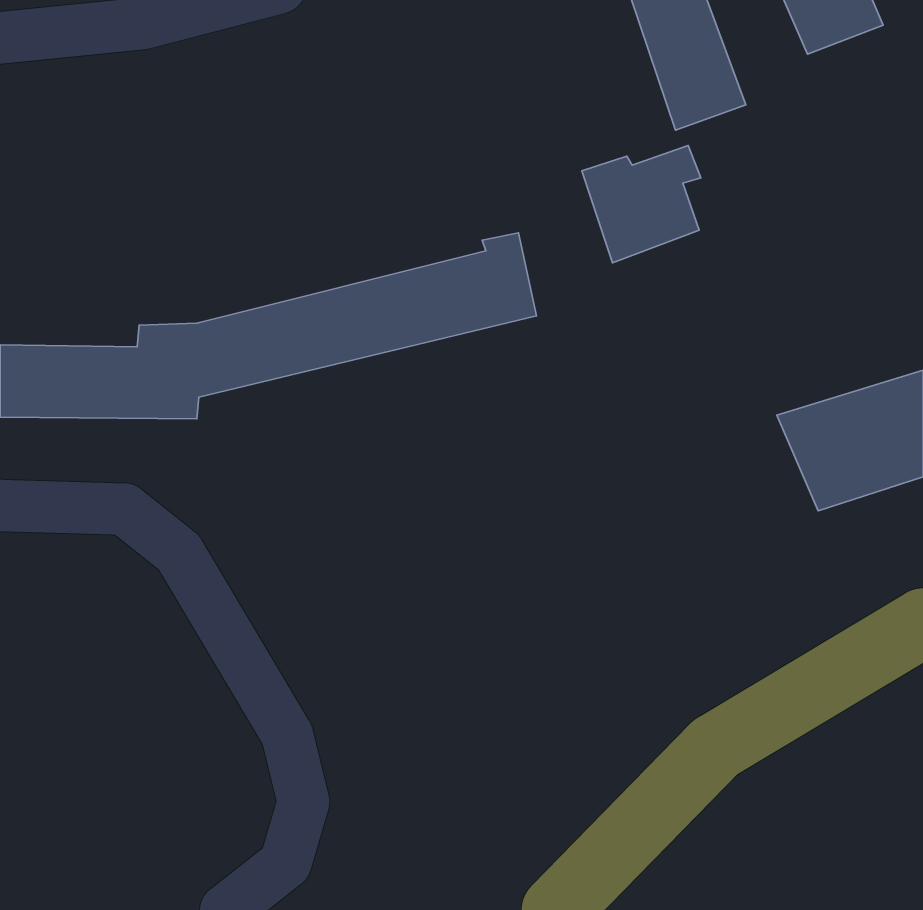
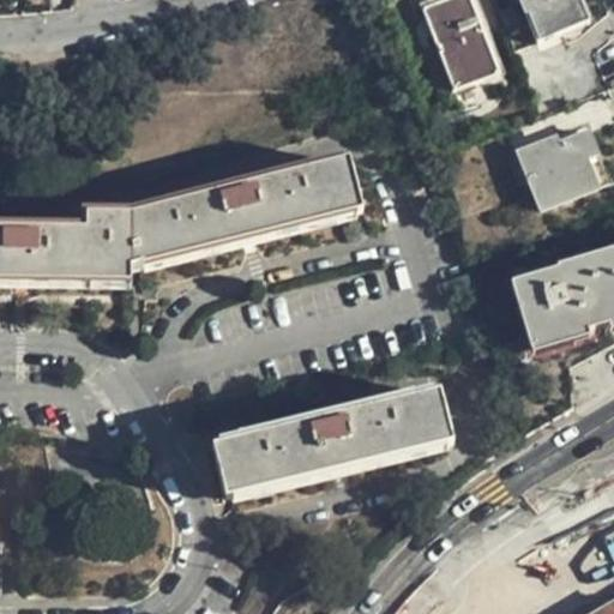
building: [582,145,701,263] -> [513,121,592,199]
building: none -> [219,387,444,488]

